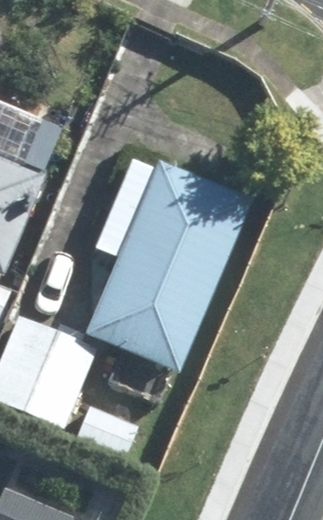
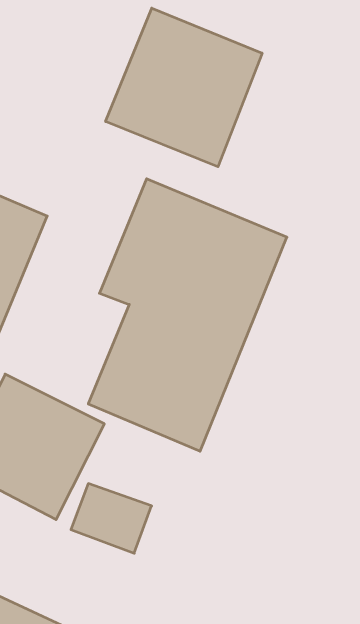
building: none -> [106,8,262,167]

